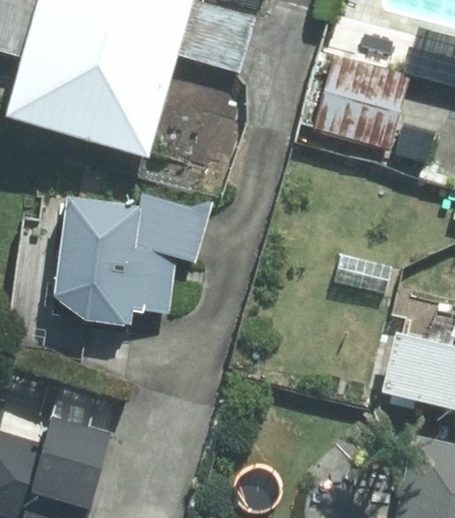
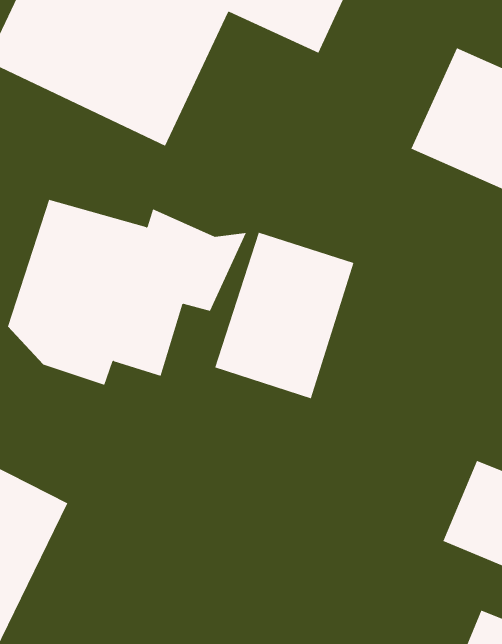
building: none -> [214,232,354,399]

